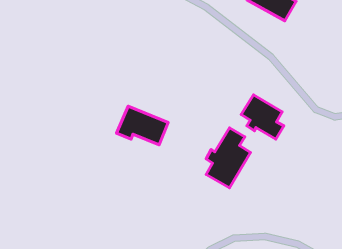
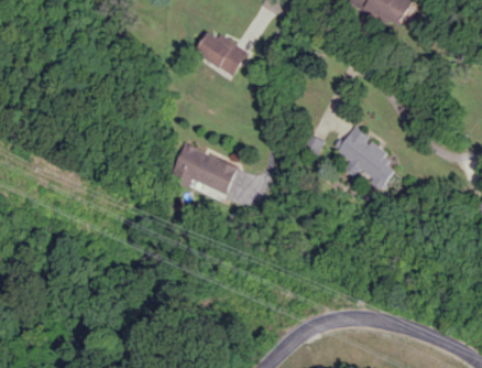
building: none -> [196,32,249,76]
building: [206,128,251,188] -> none

